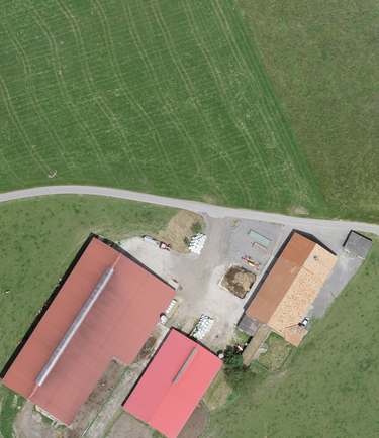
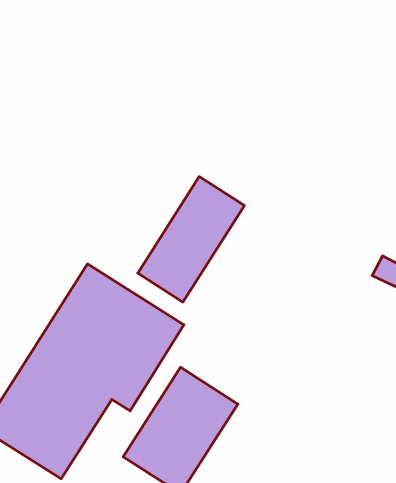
building: none -> [138,177,244,302]
building: [245,231,337,346] -> none

